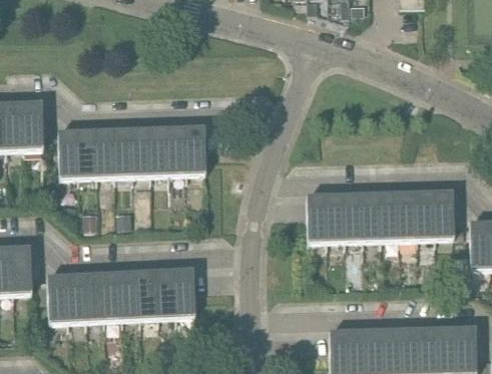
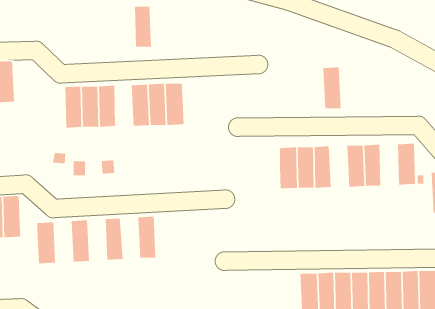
building: [23,102,44,147] -> none
building: [132,129,151,173] -> [134,6,152,47]
building: [59,131,79,176] -> none
building: [416,193,435,238] -> none
building: [362,194,382,239] -> [323,67,341,109]
building: [174,269,195,315] -> none
building: [138,271,158,316] -> none
building: [103,273,123,318] -> none
building: [67,275,87,320] -> none

